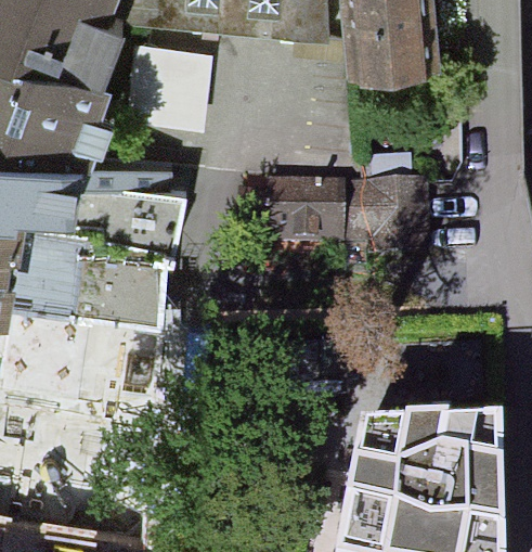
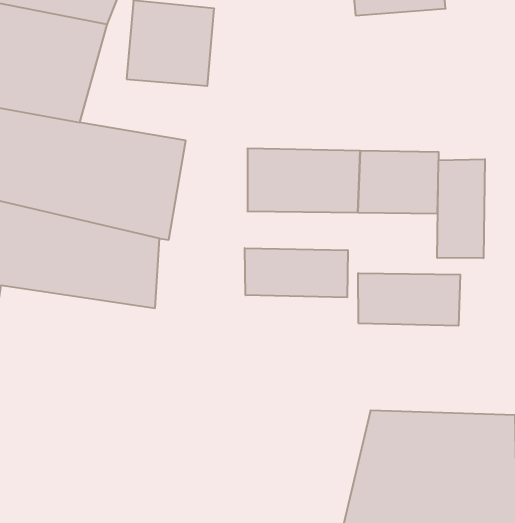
building: none -> [437,159,485,258]
building: none -> [245,248,348,297]
building: none -> [358,273,460,326]

